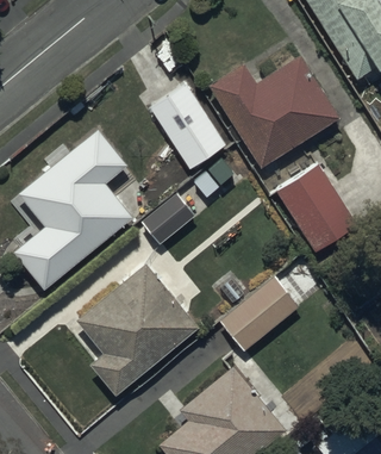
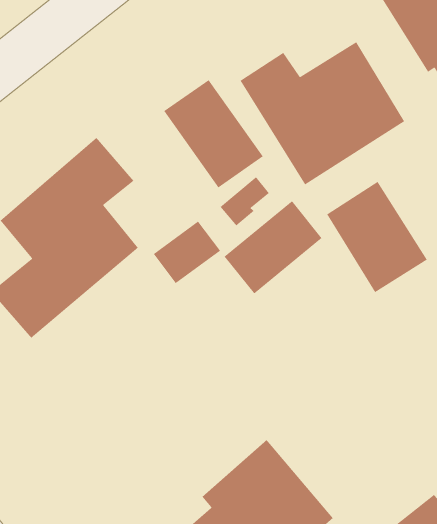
building: [77,263,199,396] -> none
building: [221,278,299,352] -> [224,200,322,294]

